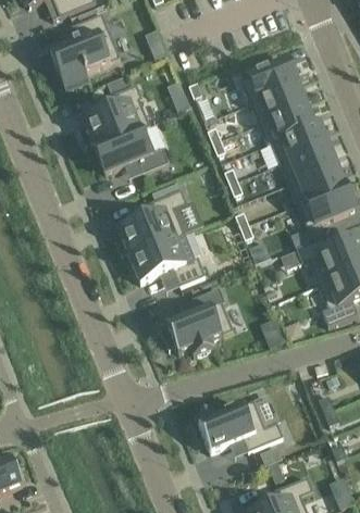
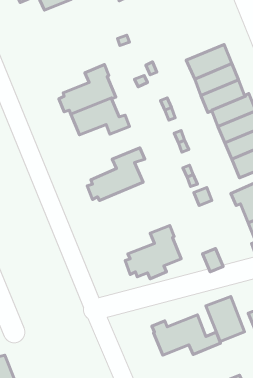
building: [50,12,120,90] -> none
building: [129,233,204,285] -> none
building: none -> [206,297,244,342]

